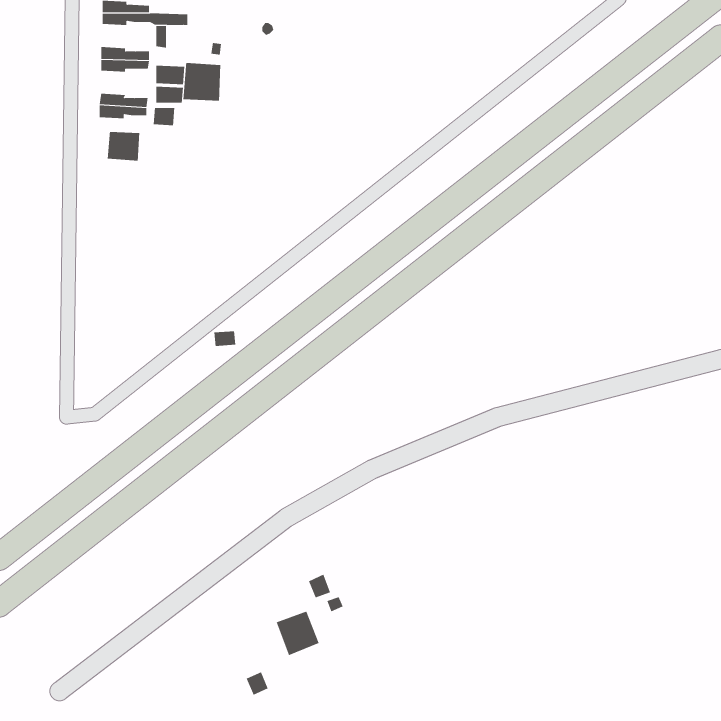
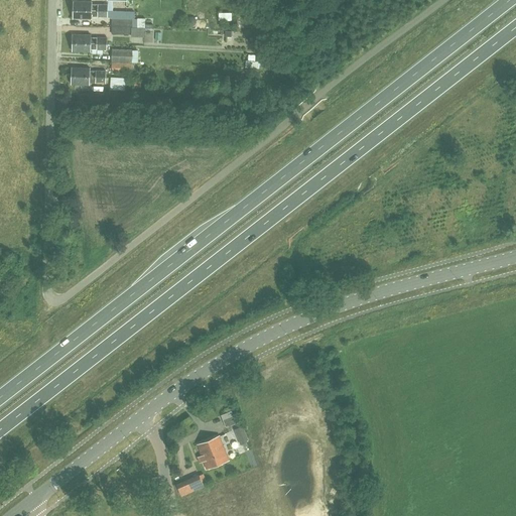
building: [183,62,221,101] -> none
building: [107,131,140,162] -> none

